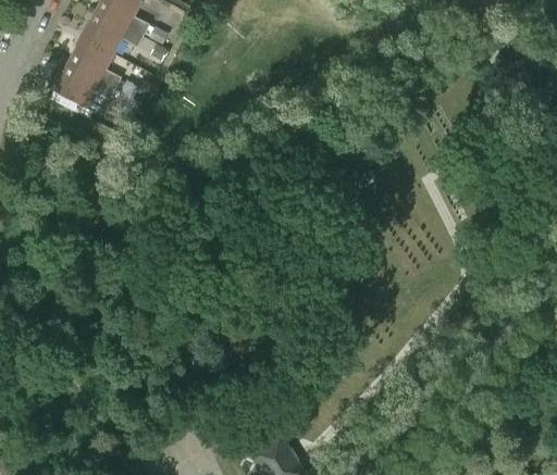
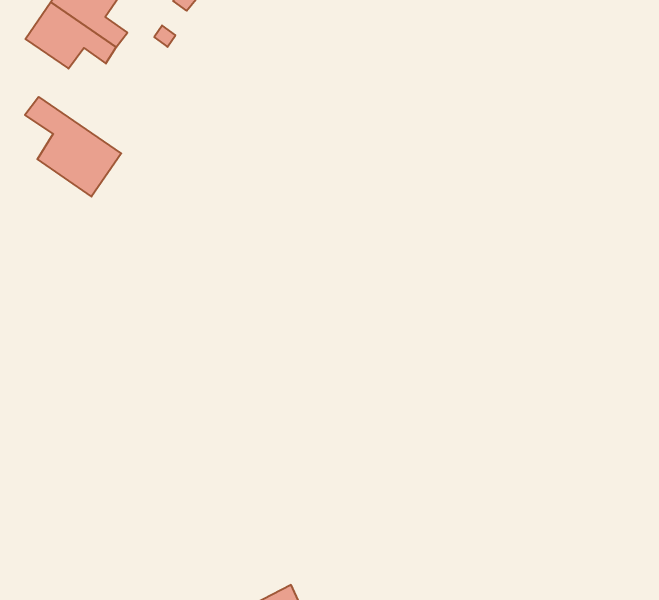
building: none -> [25,97,121,197]

